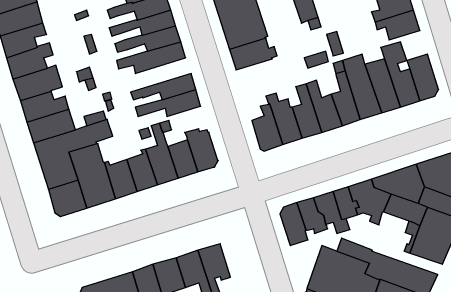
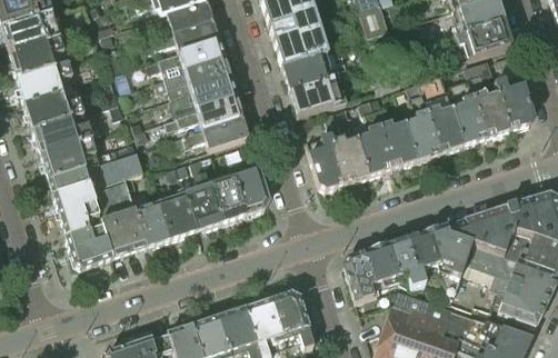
building: none -> [161,78,238,109]
building: none -> [291,79,348,115]
building: none -> [272,291,315,348]

